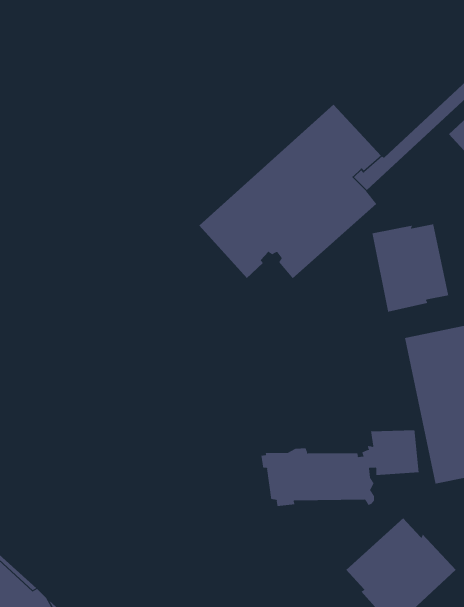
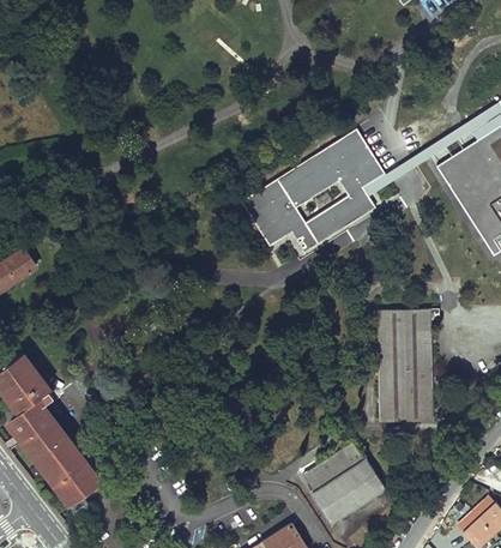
building: [372,224,449,313] -> none
building: [261,429,419,507] -> none

